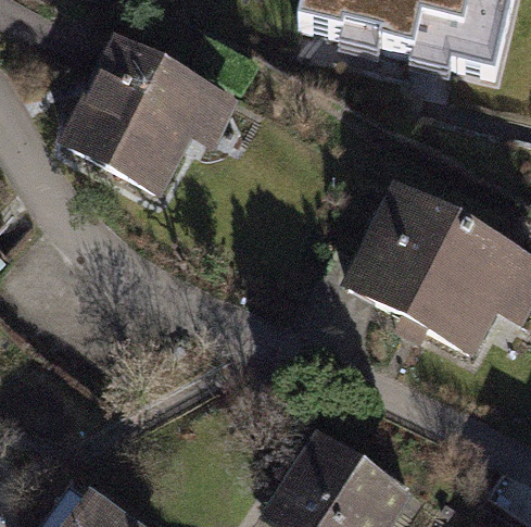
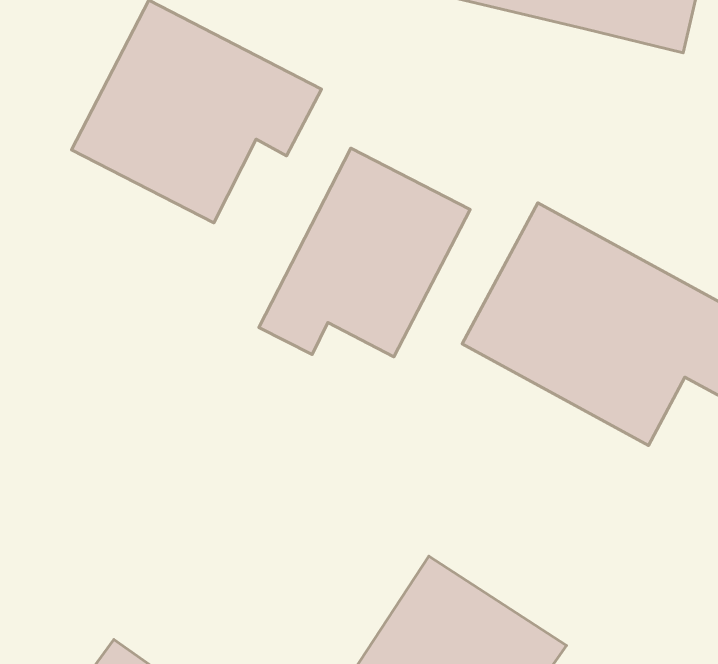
building: none -> [259,148,470,357]

